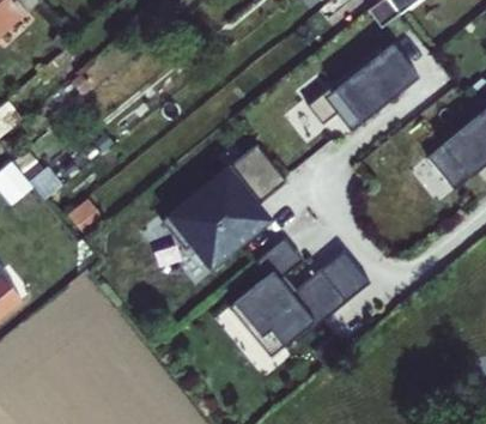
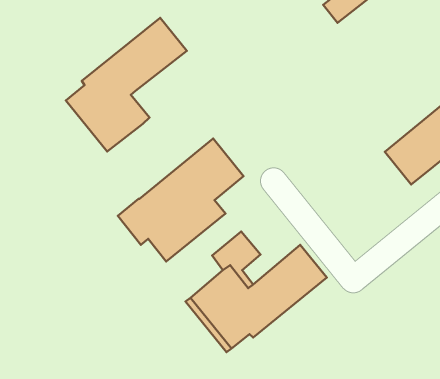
building: none -> [66,18,187,152]
building: [305,43,418,131] -> none

